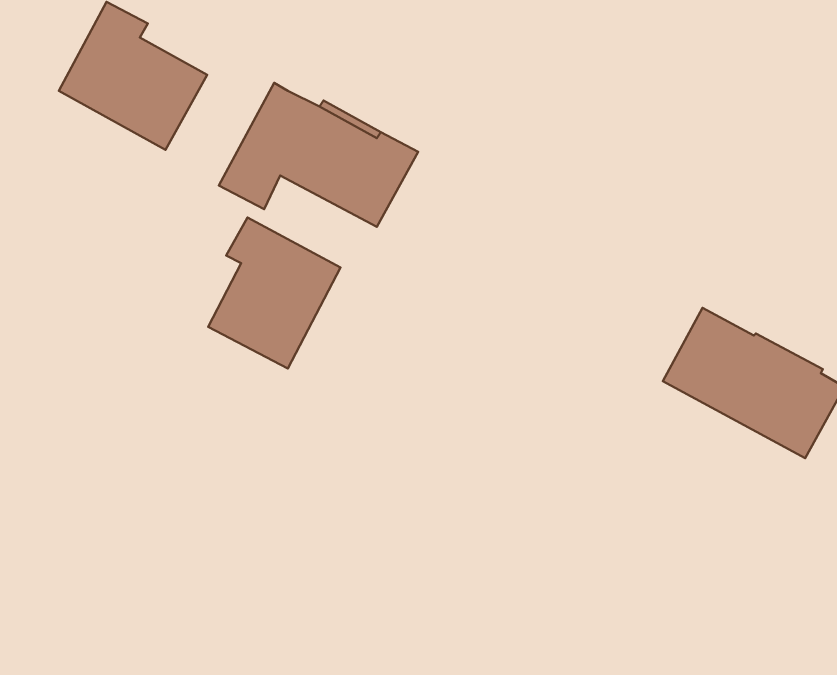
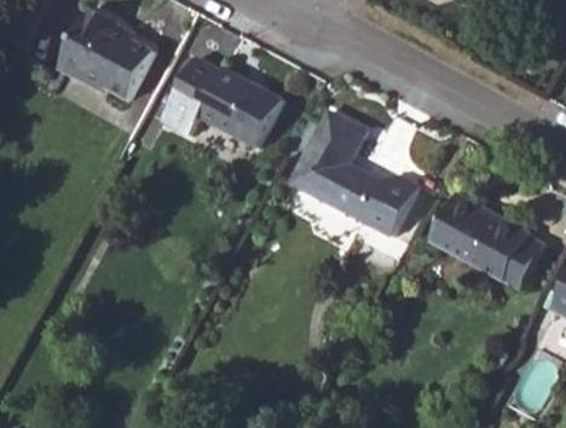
building: none -> [289,110,416,236]
building: [208,217,340,369] -> none

